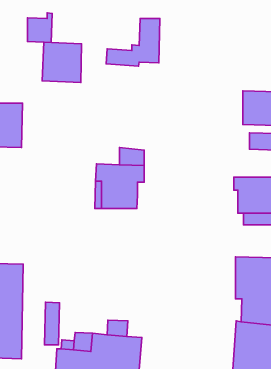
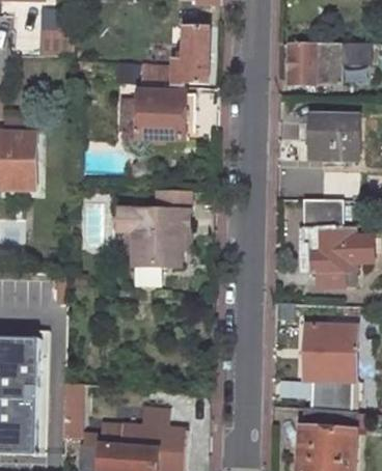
building: none -> [291,41,344,85]
building: [42,42,82,82] -> [136,89,186,140]
building: none -> [303,199,343,225]

